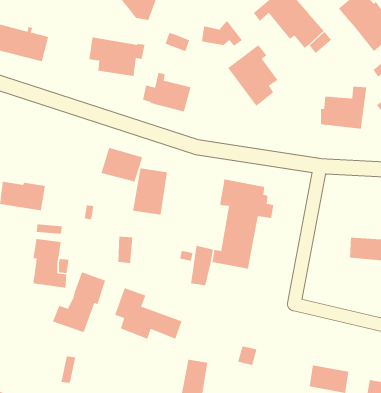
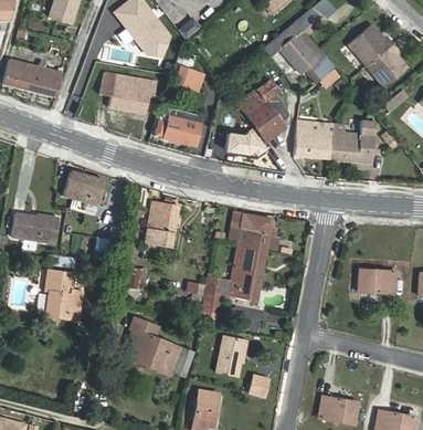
building: [201,20,243,47] -> [225,128,266,155]
building: none -> [294,119,334,158]
building: [101,147,143,183] -> [63,170,105,206]
building: [52,271,106,333] -> none
building: none -> [215,335,245,377]

